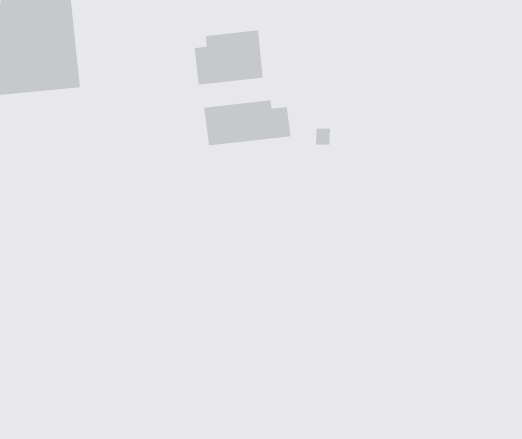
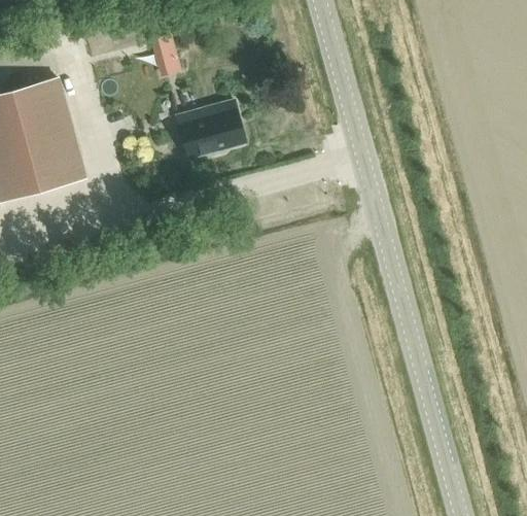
building: [203,100,291,146] -> none

